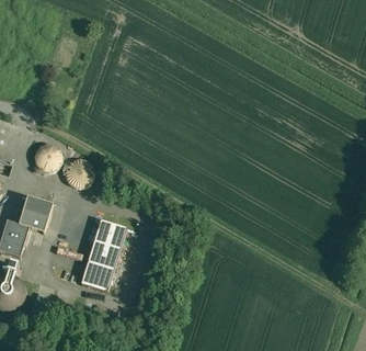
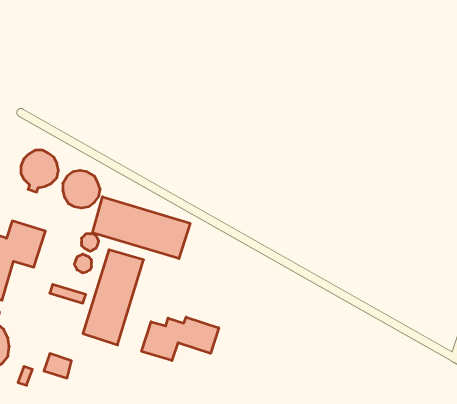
building: none -> [93,197,190,259]
building: none -> [142,317,219,361]

